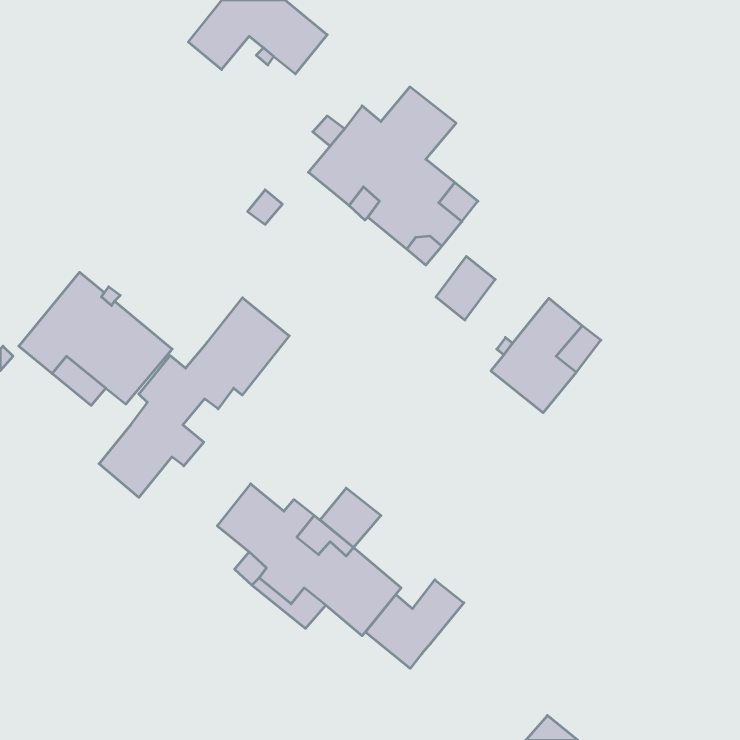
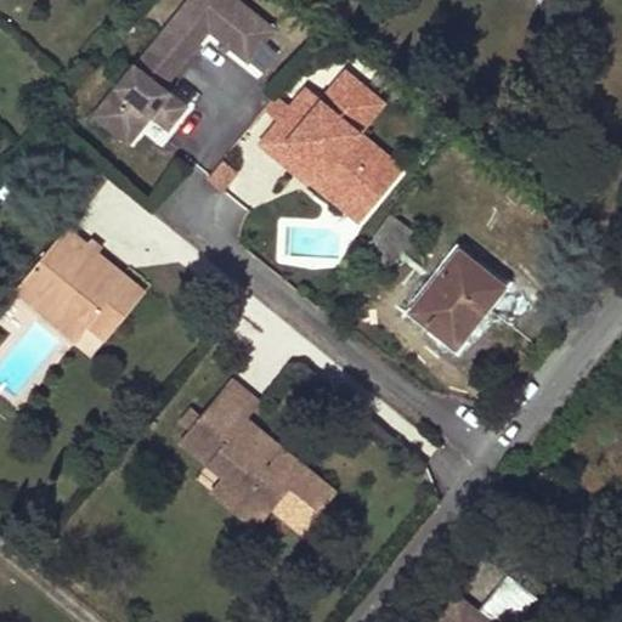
building: none -> [92,35,187,146]
building: [99,298,289,497] -> none
building: [320,488,381,547] -> [210,379,261,429]
building: [366,580,464,668] -> none

